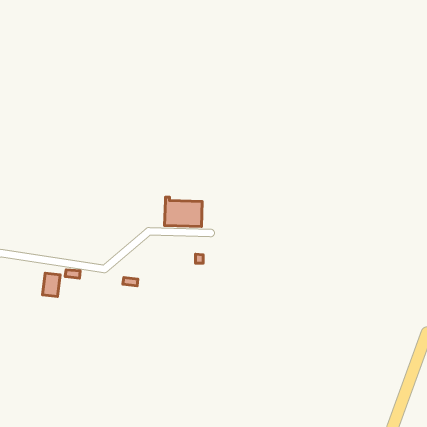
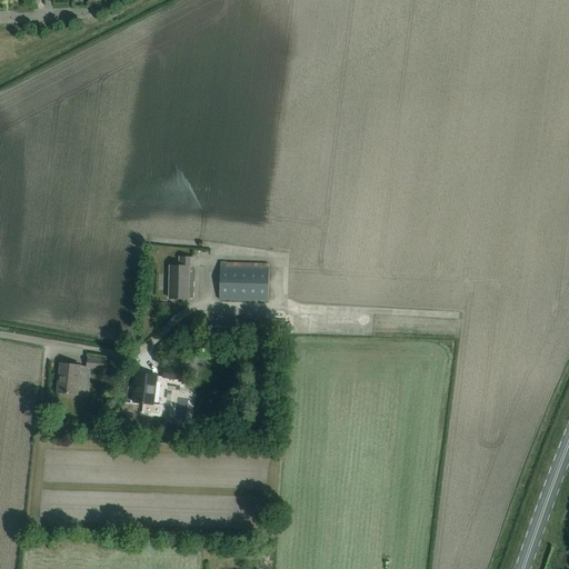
building: none -> [169,258,194,299]
building: none -> [133,373,157,405]

